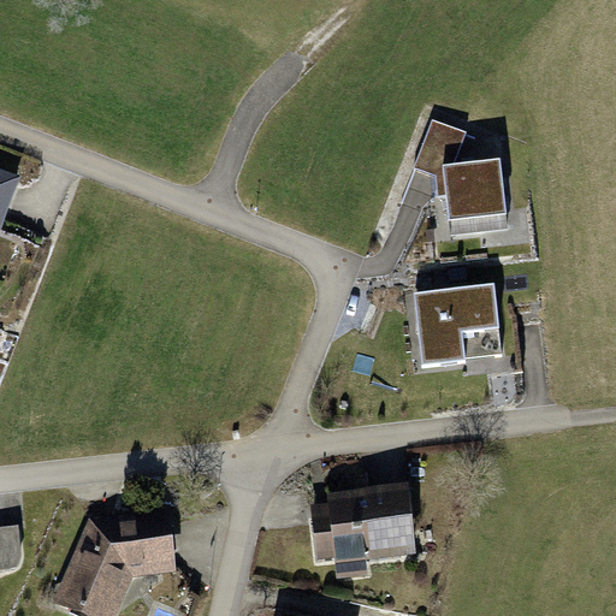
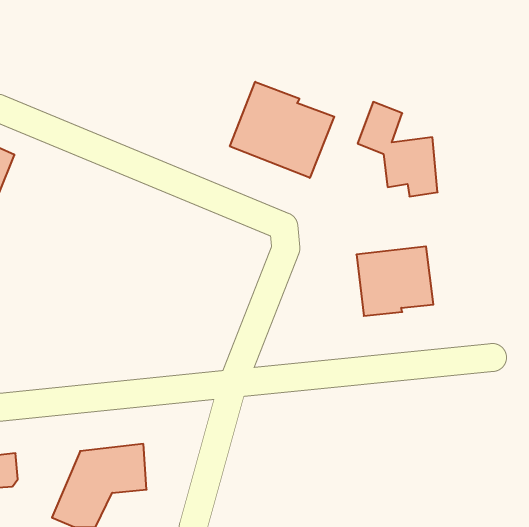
building: none -> [230,82,334,178]
building: [314,486,411,573] -> none

